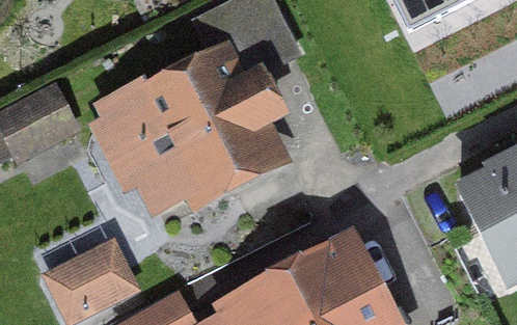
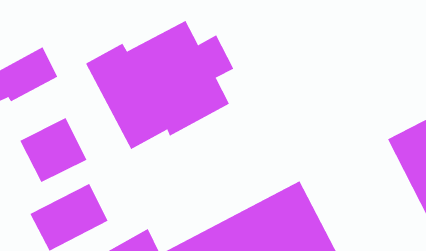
building: none -> [19,117,87,183]

